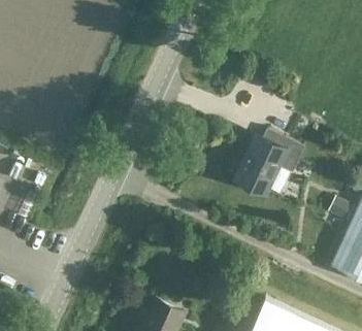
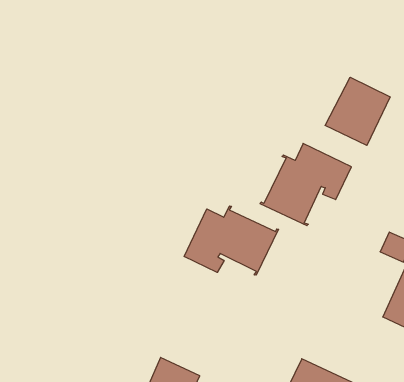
building: none -> [325,77,390,145]
building: none -> [184,206,279,275]

